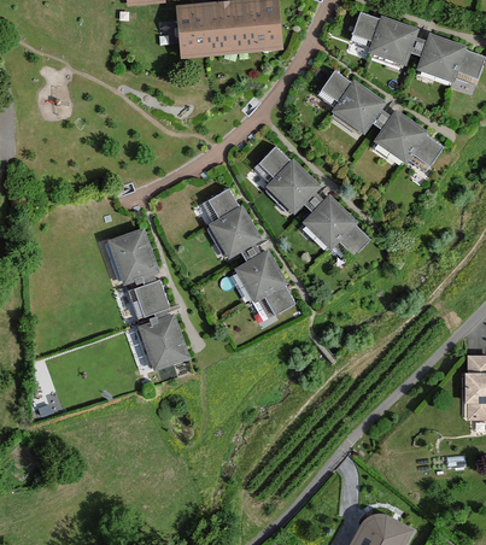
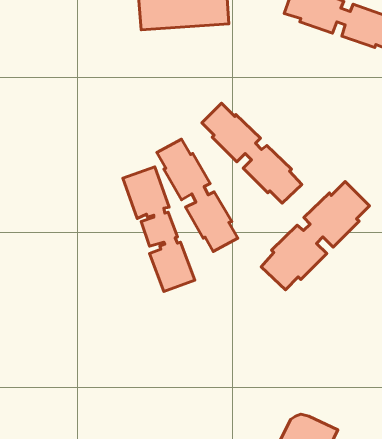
building: [315,71,443,174] -> none
building: [104,228,188,374] -> [123,167,195,292]
building: none -> [261,181,369,290]

